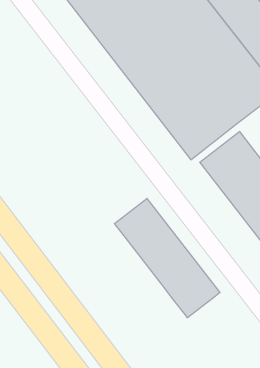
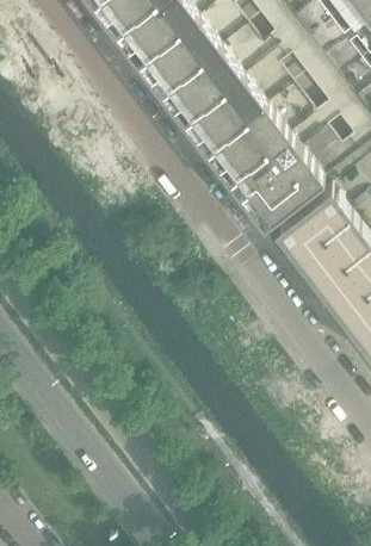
building: [114,198,220,318] -> none

